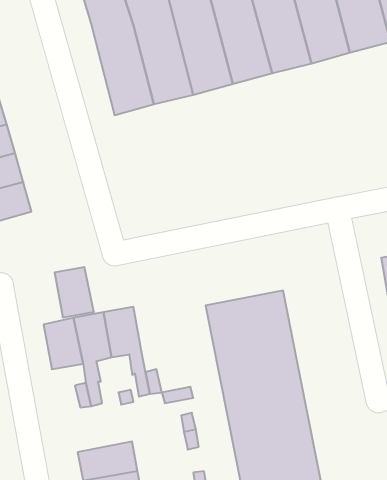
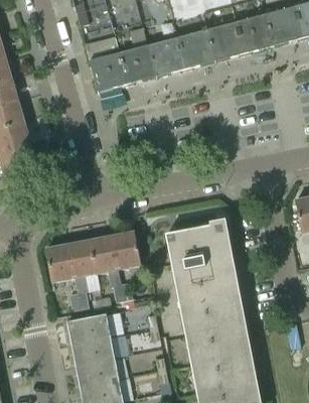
building: [55,267,94,317] -> [112,231,141,268]
building: none -> [66,312,111,343]

